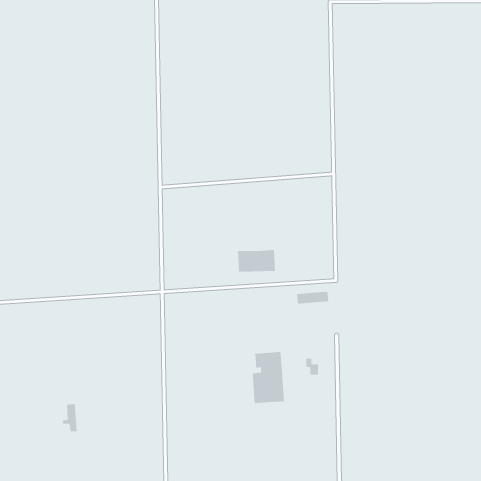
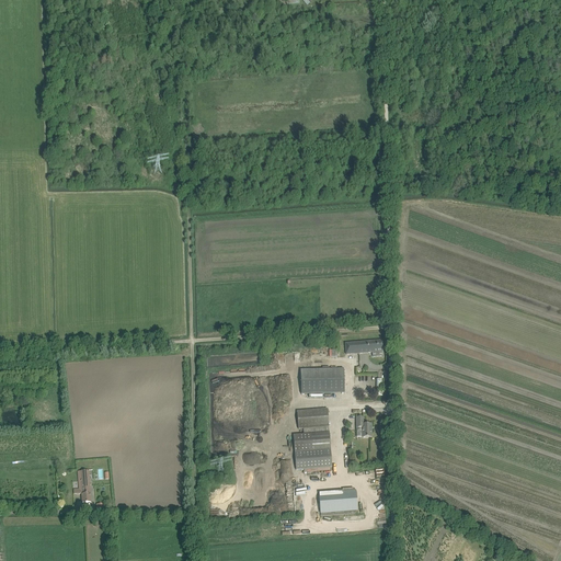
building: [237,249,276,272] -> [299,366,344,392]
building: none -> [318,485,356,514]

